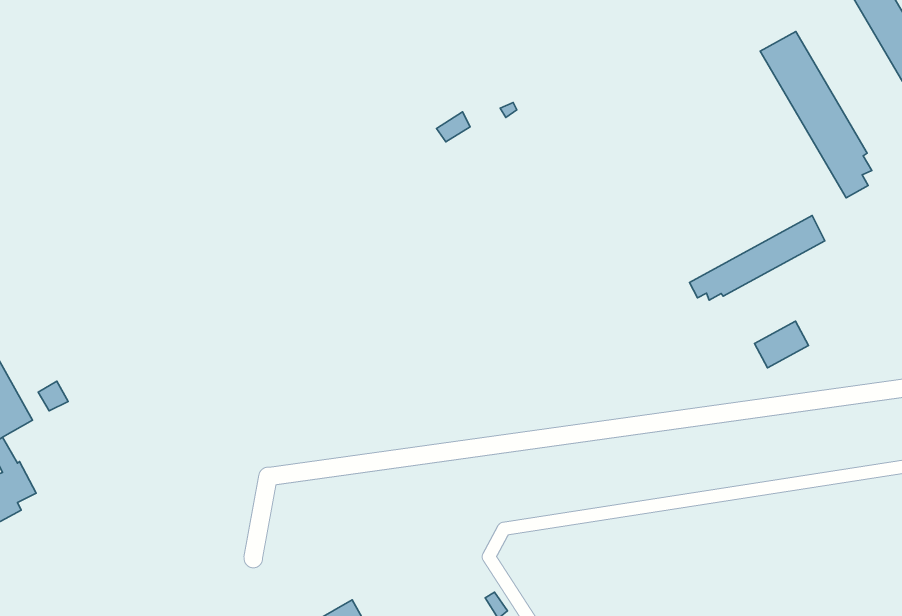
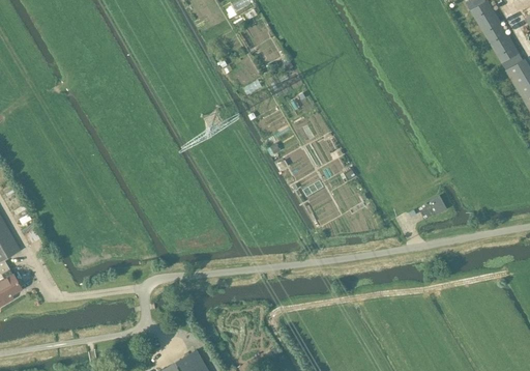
building: [760,32,872,198] -> none
building: [689,215,825,300] -> none

